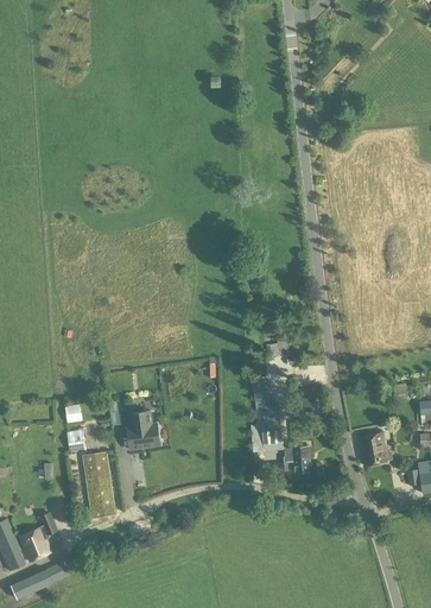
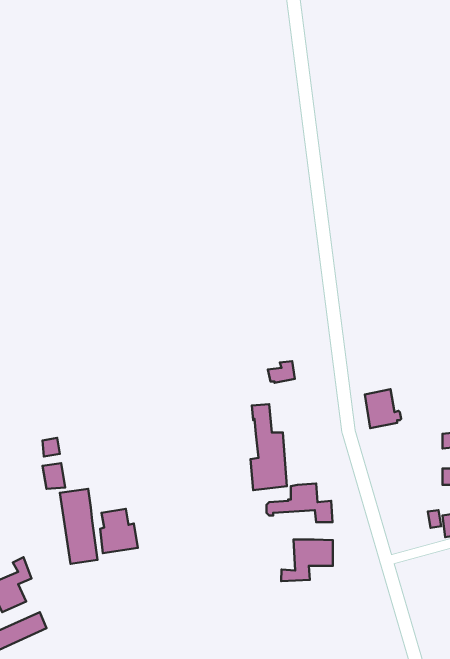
building: [127,412,160,451] -> [100,509,138,553]
building: [359,431,391,466] -> [365,389,401,428]
building: none -> [281,540,333,581]

